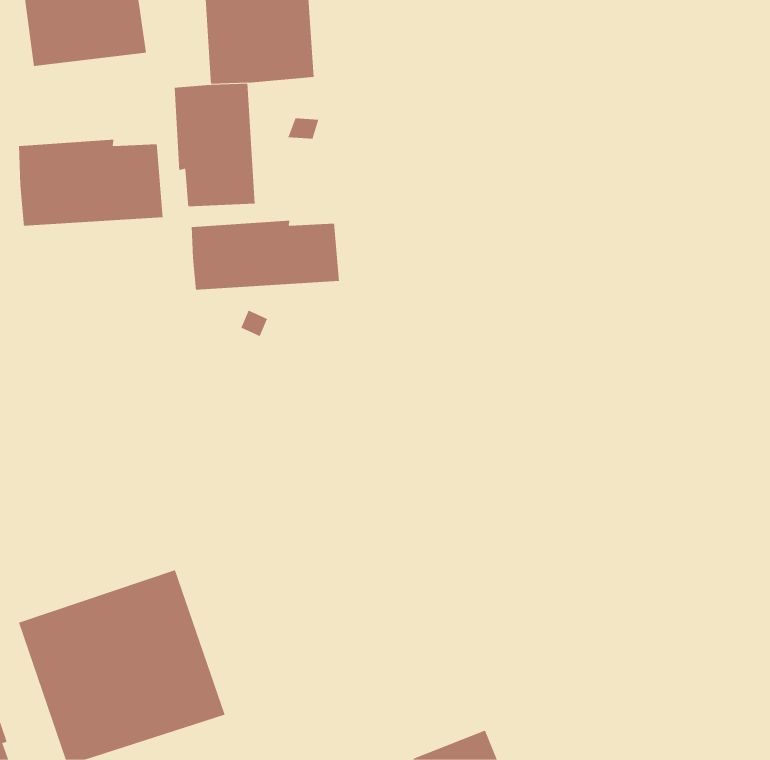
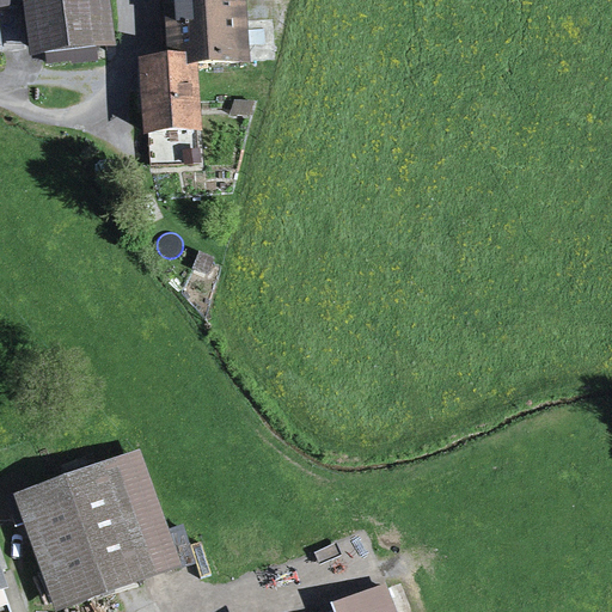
building: [18,139,163,227] -> none
building: [191,220,340,291] -> none

